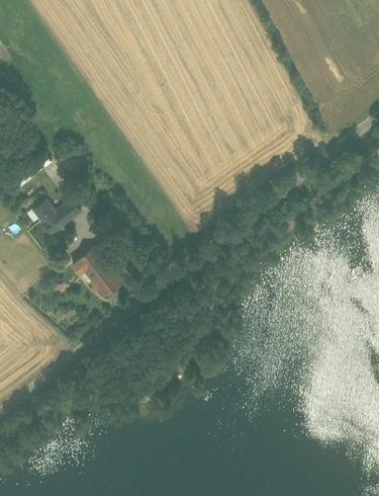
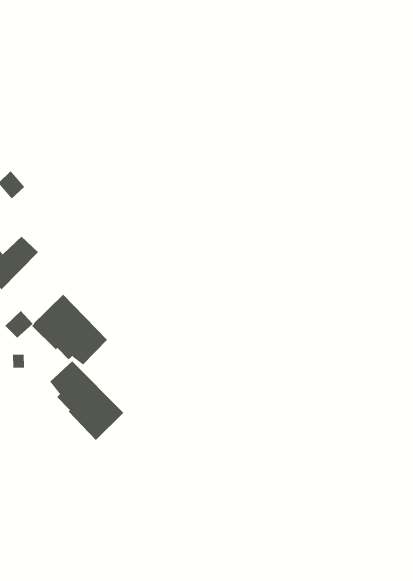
building: none -> [49,360,124,441]

